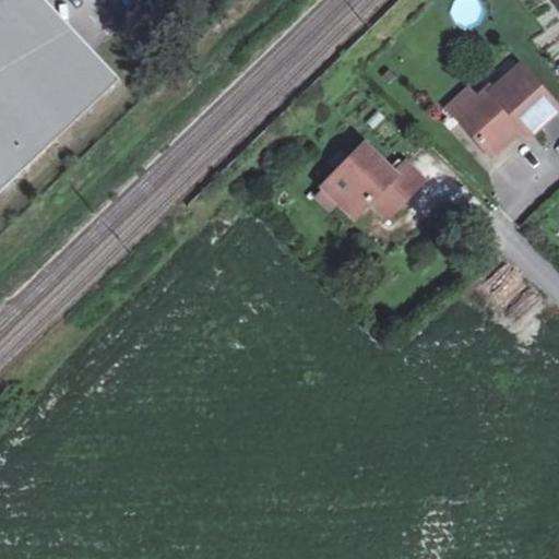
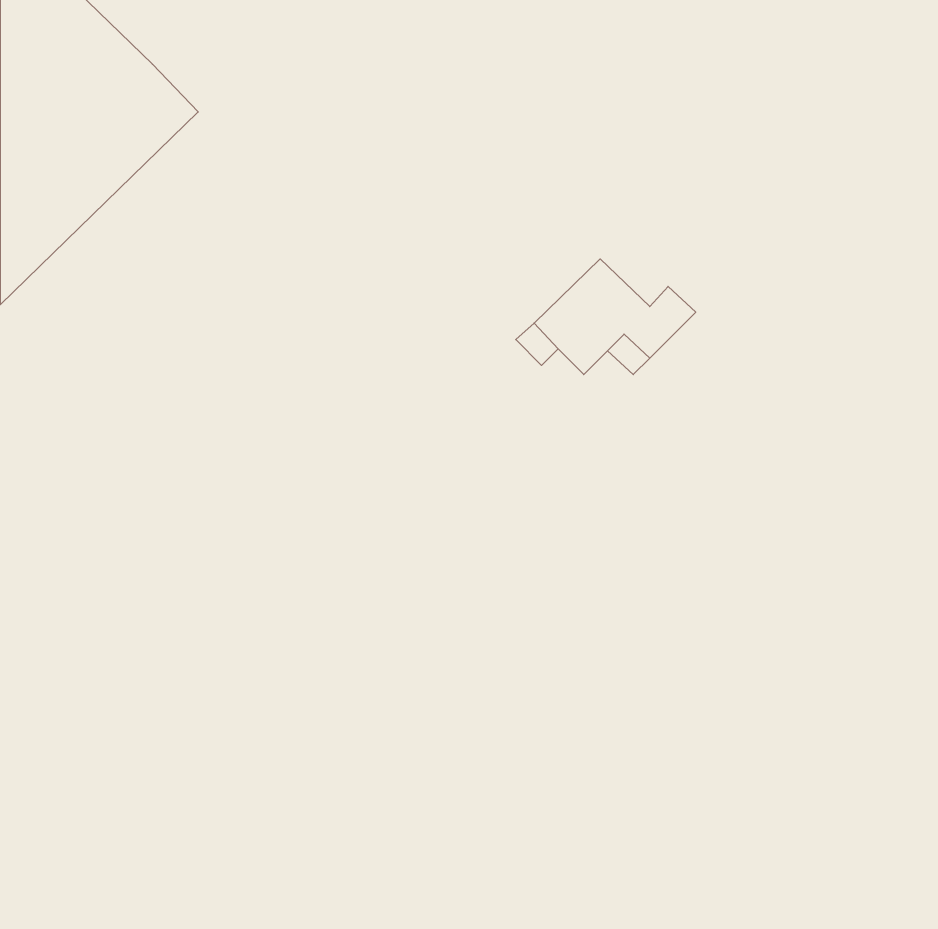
building: [453,67,551,151] -> none

